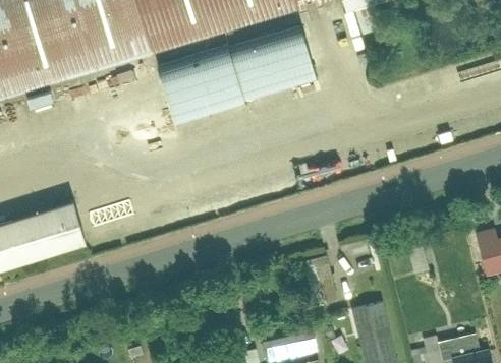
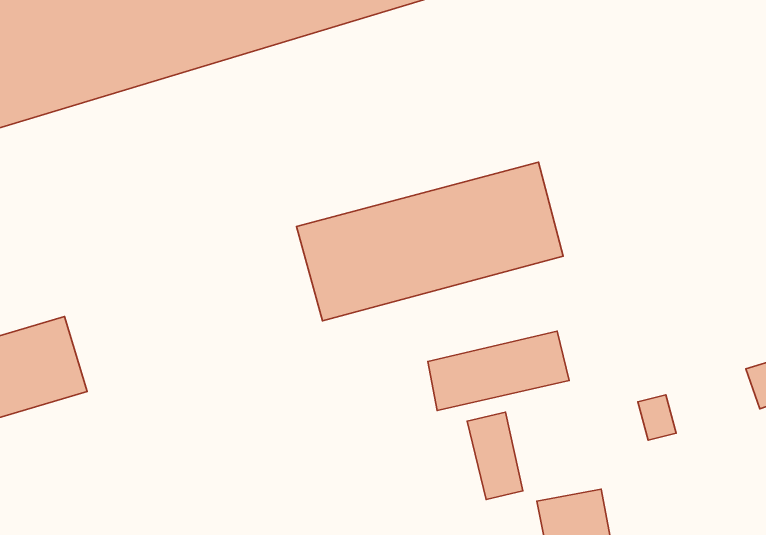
building: [160,24,316,117] -> [296,162,563,321]
building: none -> [428,331,569,411]

